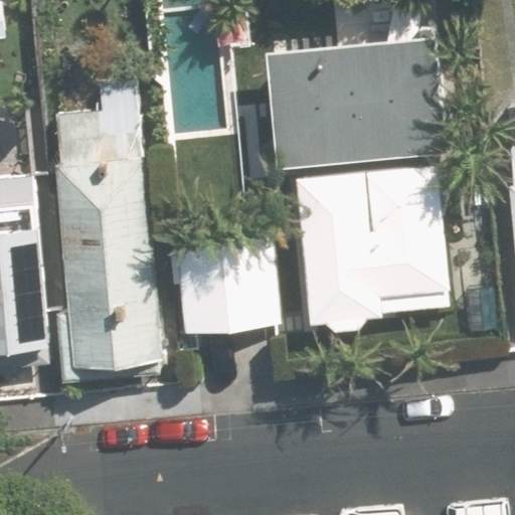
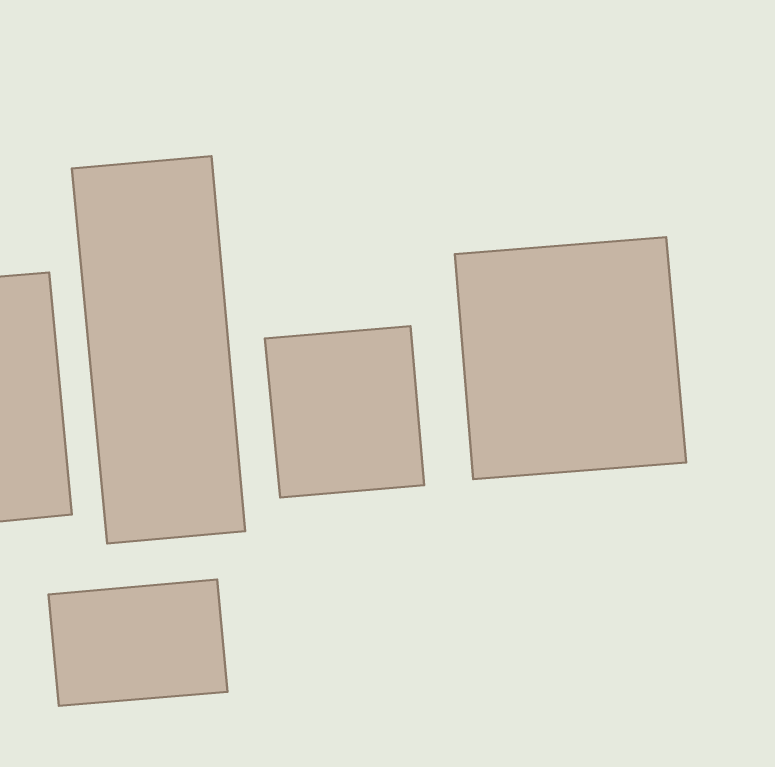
building: [267,37,450,170] -> none
building: none -> [49,580,228,706]

